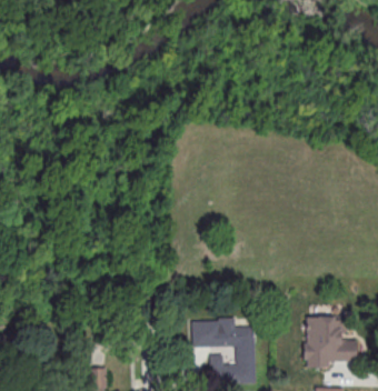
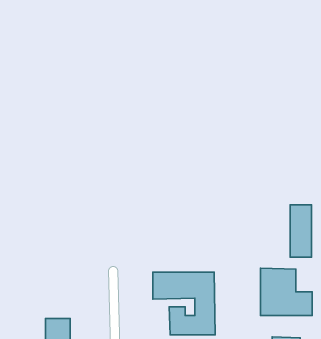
building: none -> [290,205,312,257]

